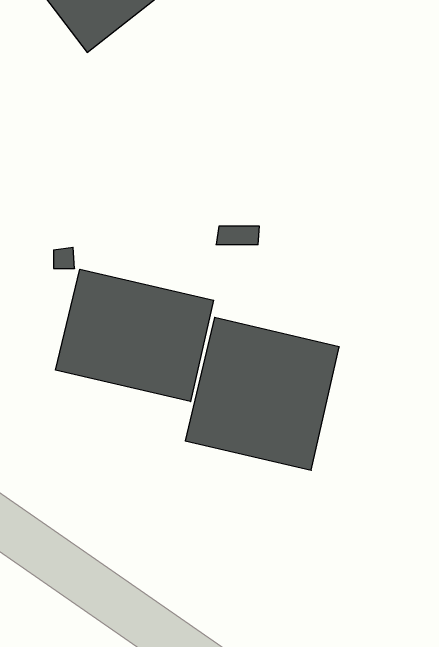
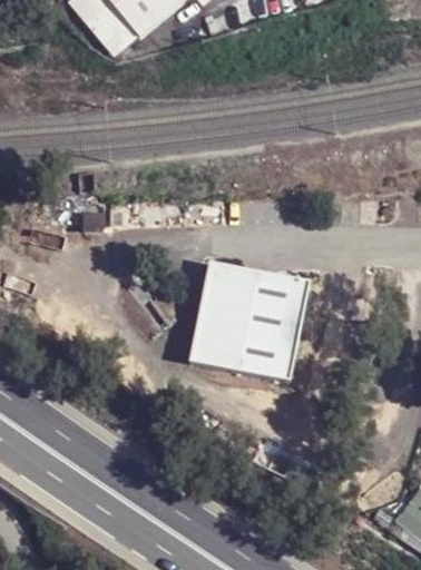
building: [56,269,214,402] -> none

